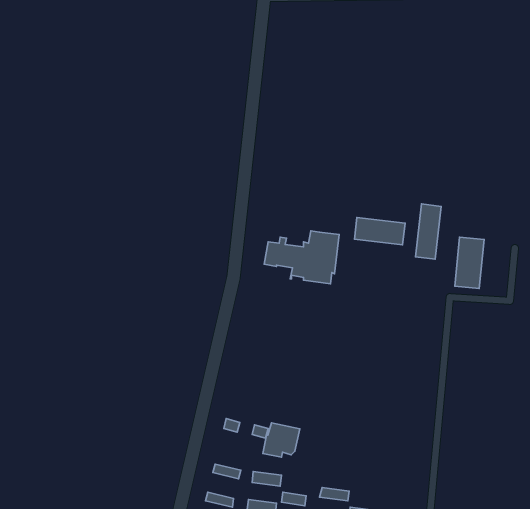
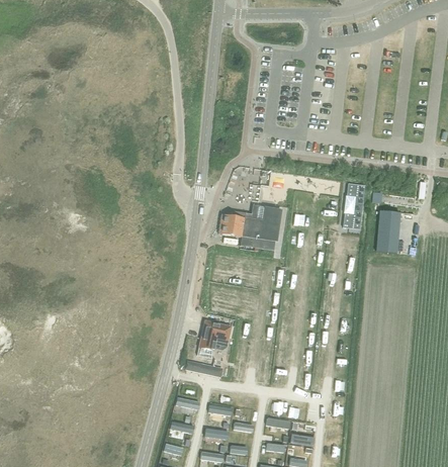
building: [354,218,405,245] -> none
building: [263,423,300,457] -> [199,321,230,350]

